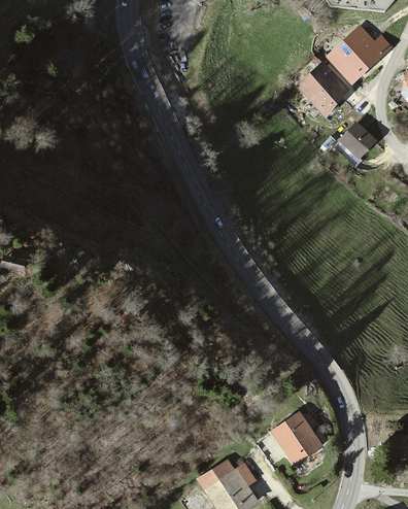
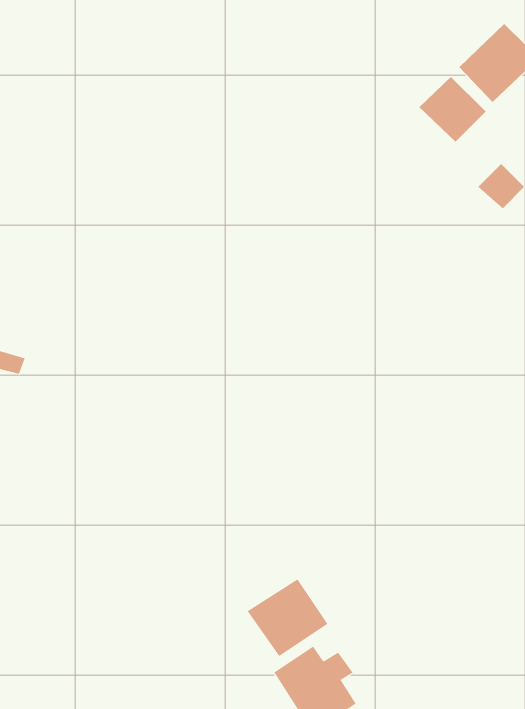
building: [272,412,322,465] -> none
building: none -> [247,579,328,657]

